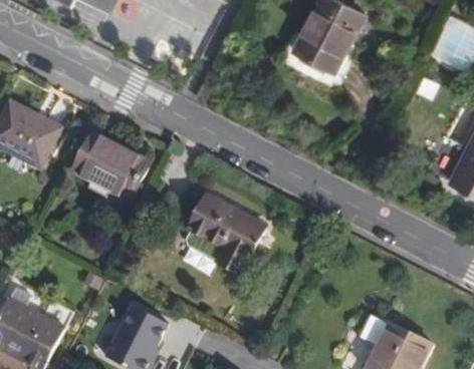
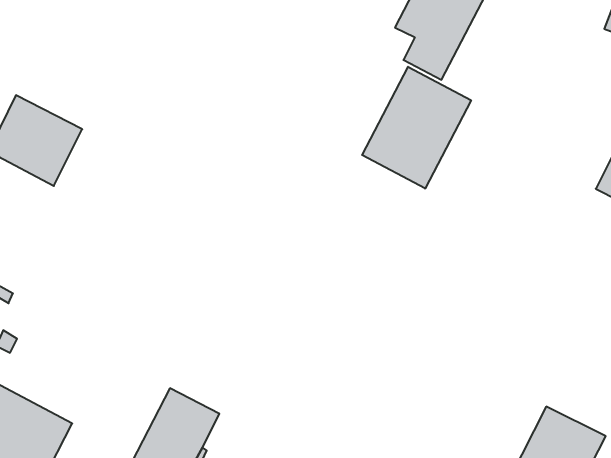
building: none -> [362,67,471,189]
building: [70,135,145,200] -> none
building: [189,198,264,277] -> none

